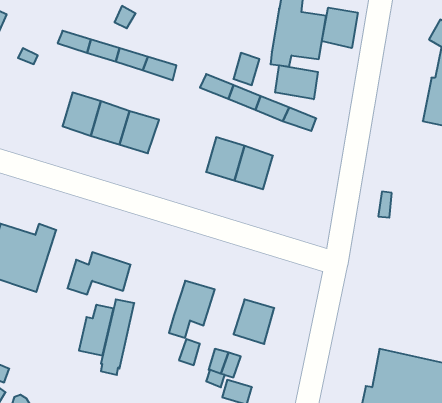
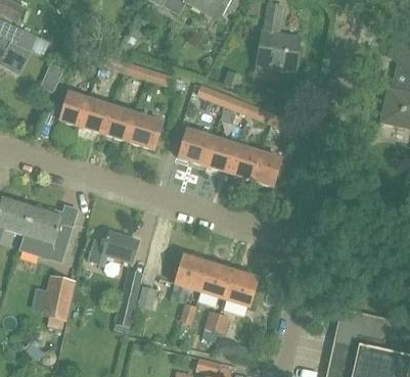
building: [322,8,358,48] -> none
building: [275,65,318,99] -> none
building: none -> [59,92,91,127]
building: none -> [178,129,210,164]
building: none -> [248,151,281,186]
building: none -> [199,262,233,298]
building: [79,305,114,355] -> [44,277,73,319]

